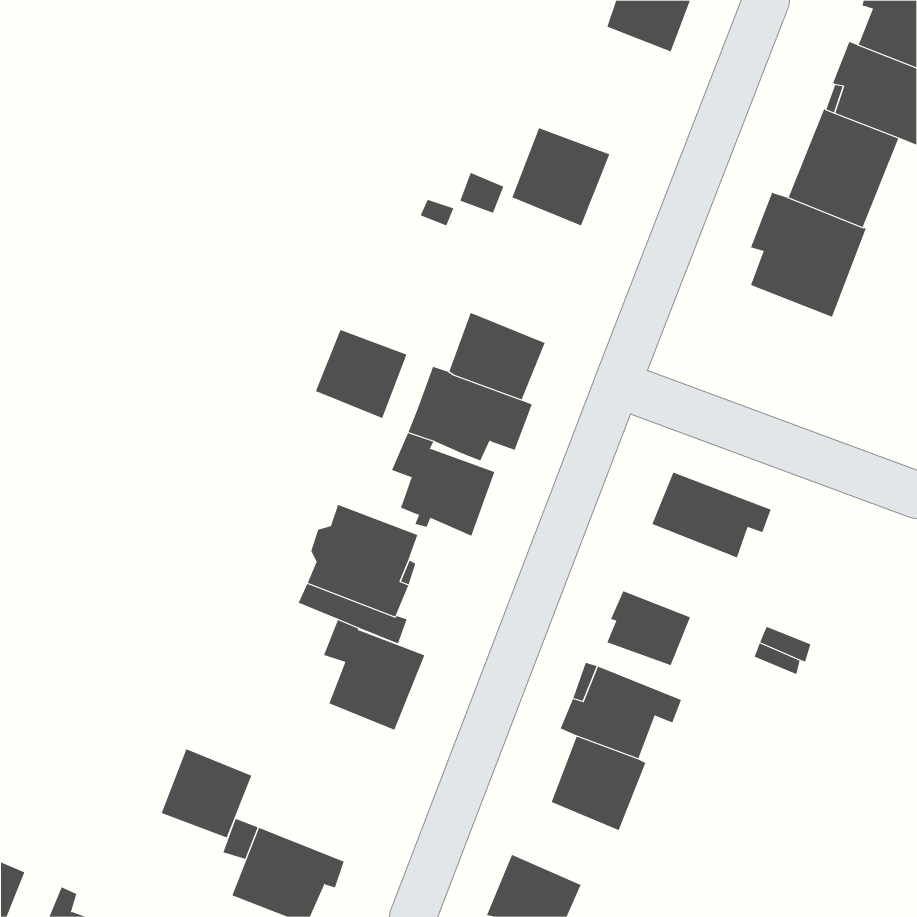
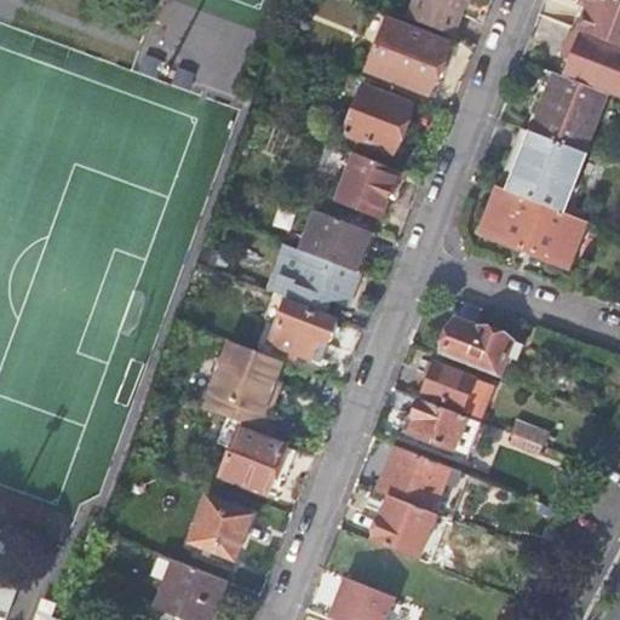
building: none -> [377,19,449,94]
building: none -> [339,154,400,217]
building: none -> [480,189,584,268]
building: [315,329,407,419] -> none
building: none -> [423,363,492,418]
building: [161,749,252,838] -> [190,496,252,557]

